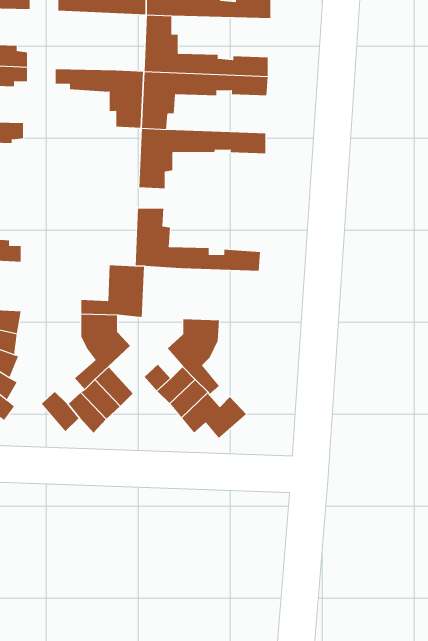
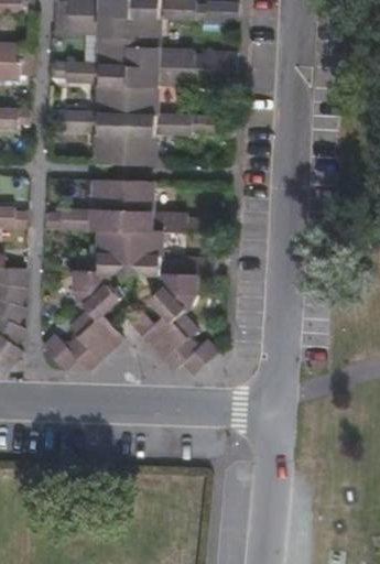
building: none -> [55,12,132,64]
building: none -> [52,110,128,163]
building: none -> [47,180,124,230]
building: none -> [129,230,216,278]

